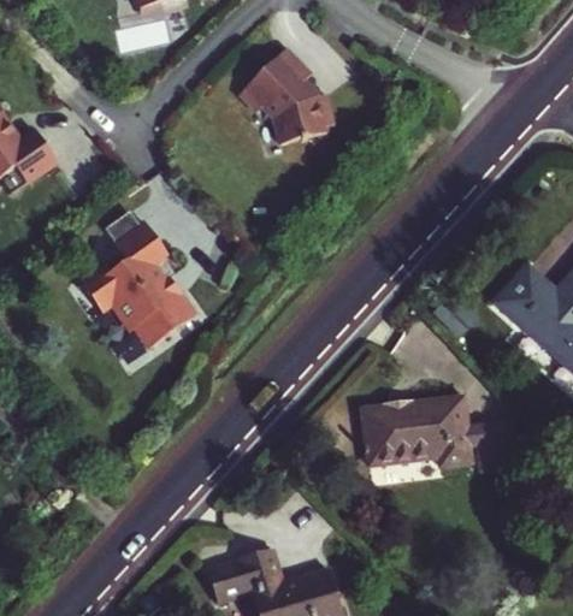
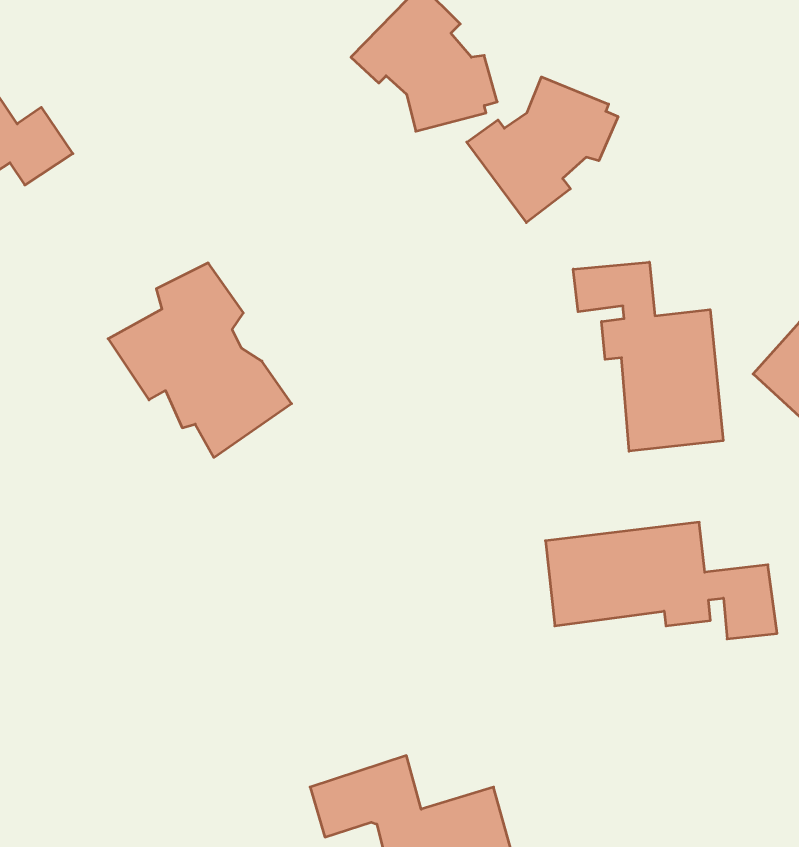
building: none -> [467,77,618,223]
building: none -> [573,262,723,451]

